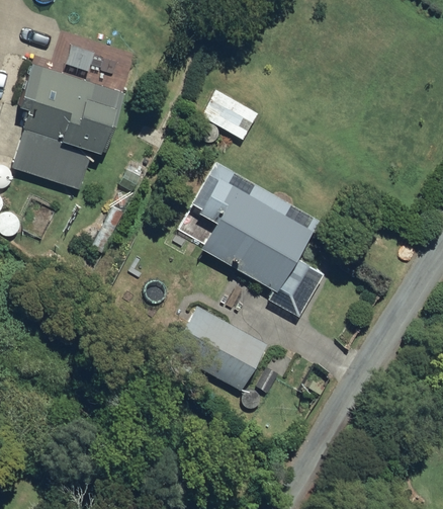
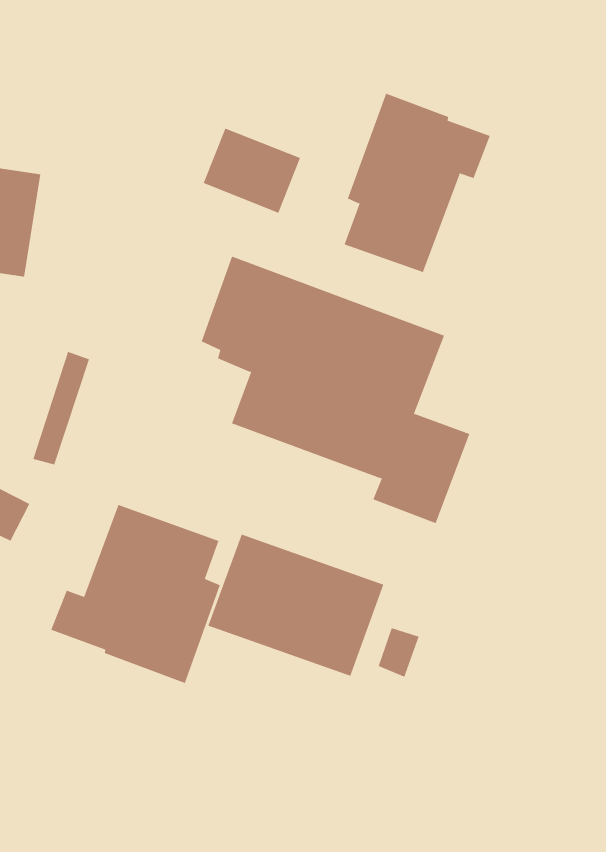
building: none -> [344,93,491,273]
building: none -> [51,504,220,684]

